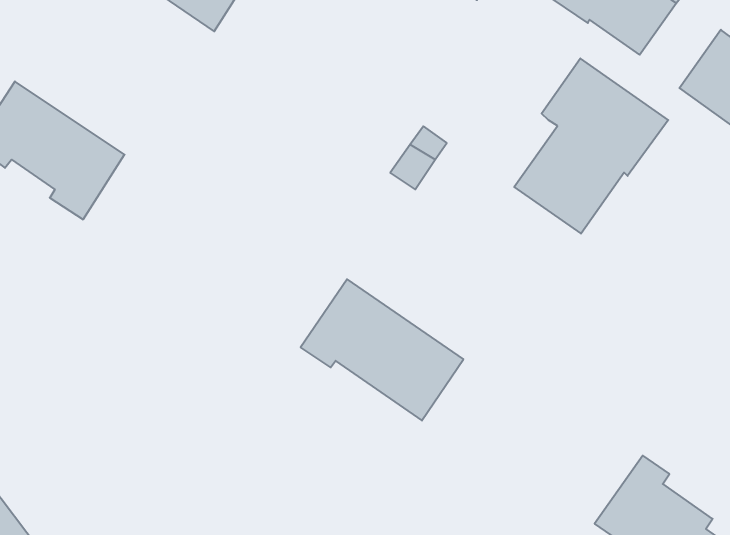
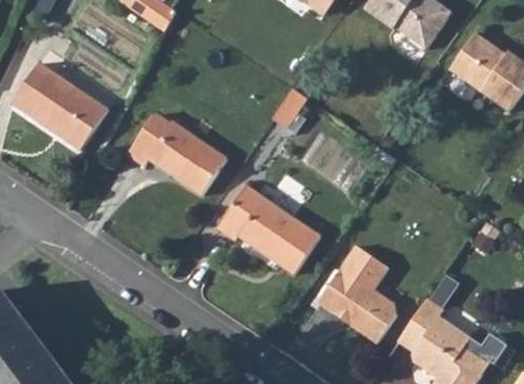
building: [514,58,668,234] -> none
building: none -> [126,116,227,198]
building: none -> [317,244,397,341]

